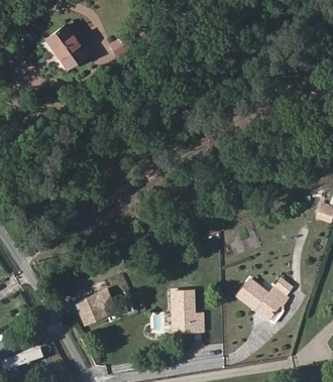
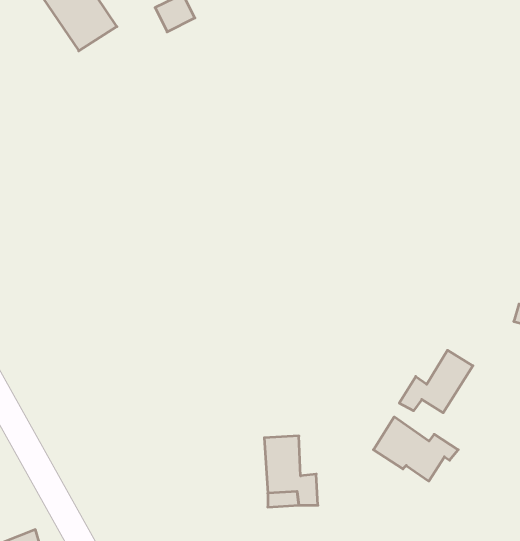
building: none -> [399,350,473,413]
building: [78,288,116,324] -> none

